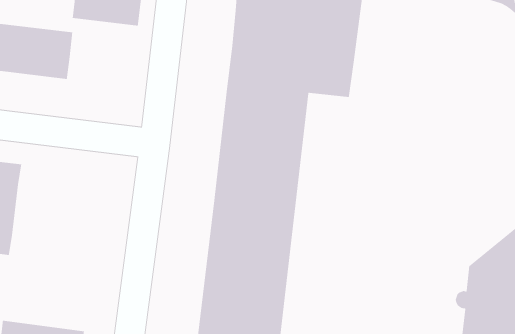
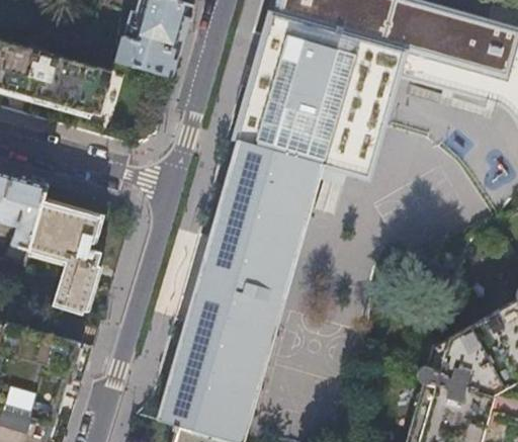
building: none -> [26,204,98,314]

